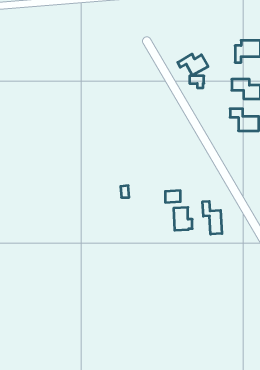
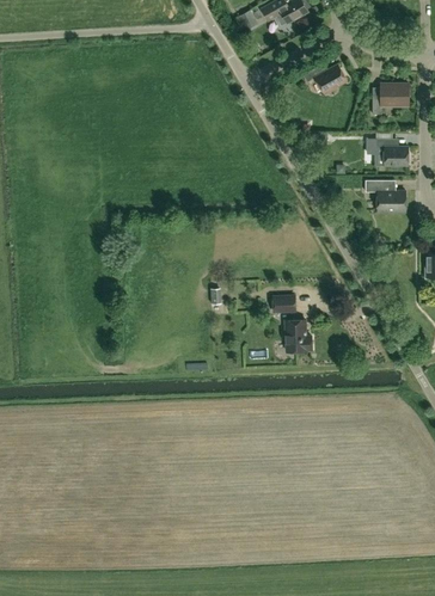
building: [178,54,208,75] -> [304,63,347,93]
building: [203,201,222,234] -> none

